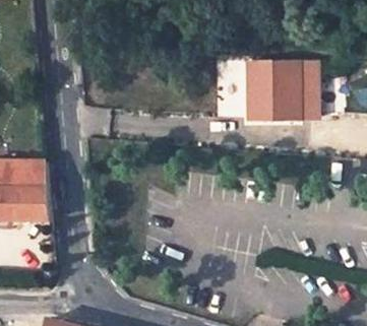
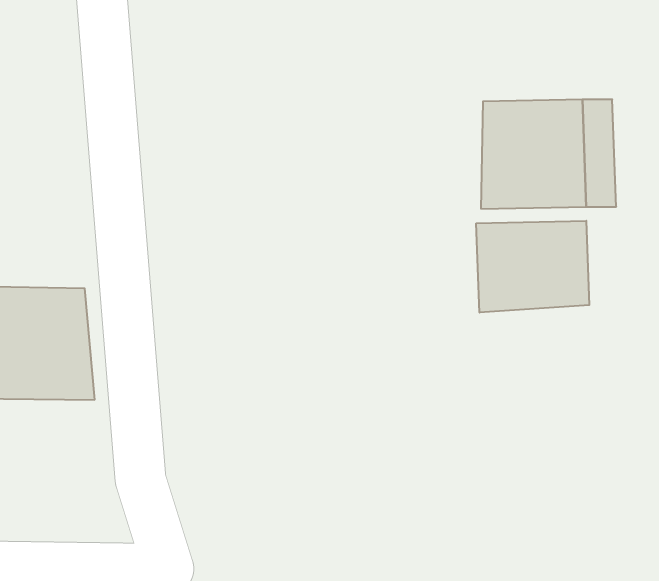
building: none -> [476,221,589,313]

